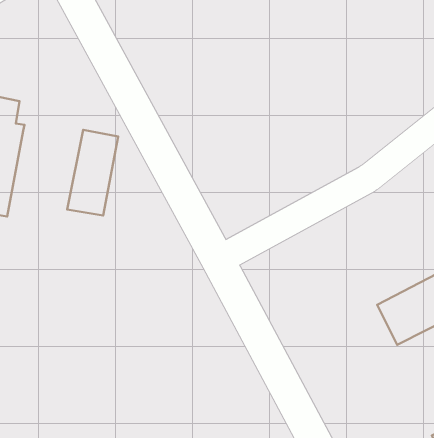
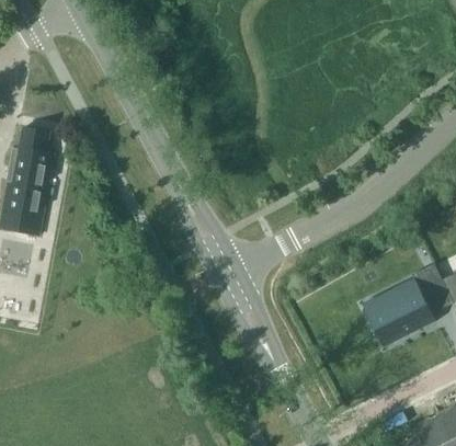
building: [67,130,118,216] -> none

